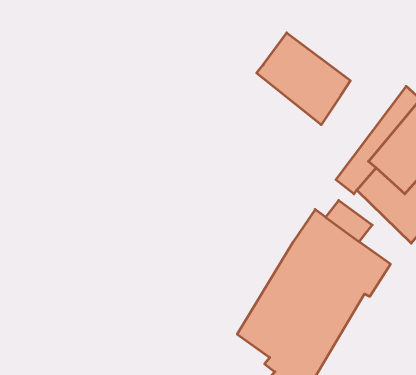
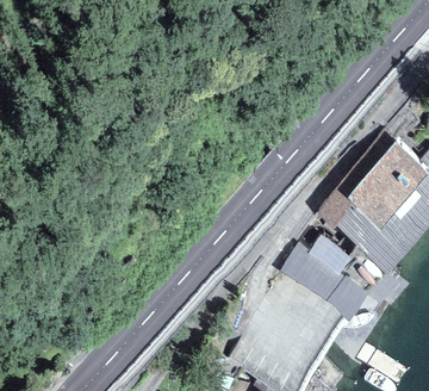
building: [257,33,350,125] -> none

